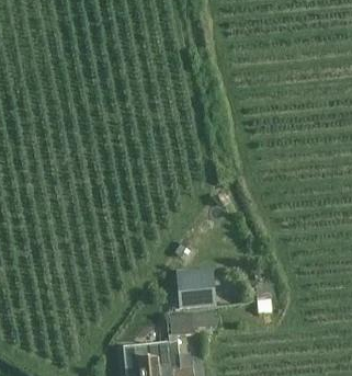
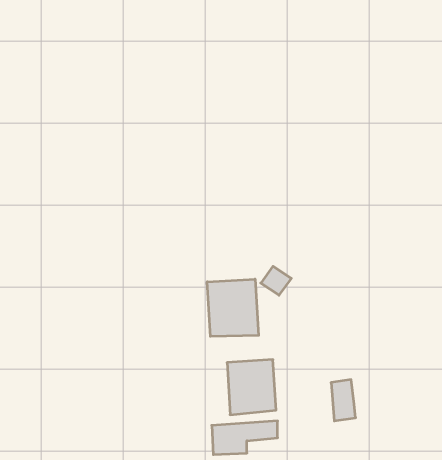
building: none -> [207,279,259,336]

